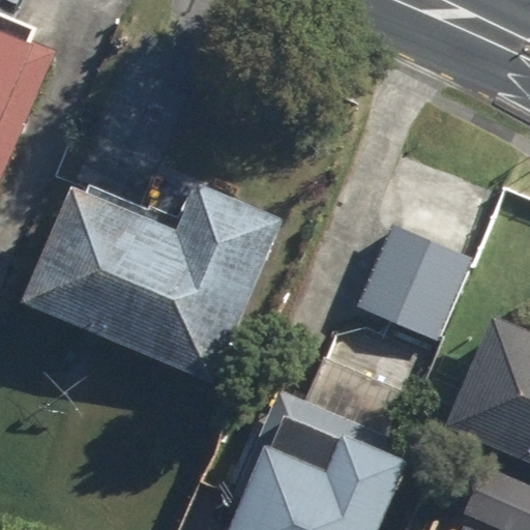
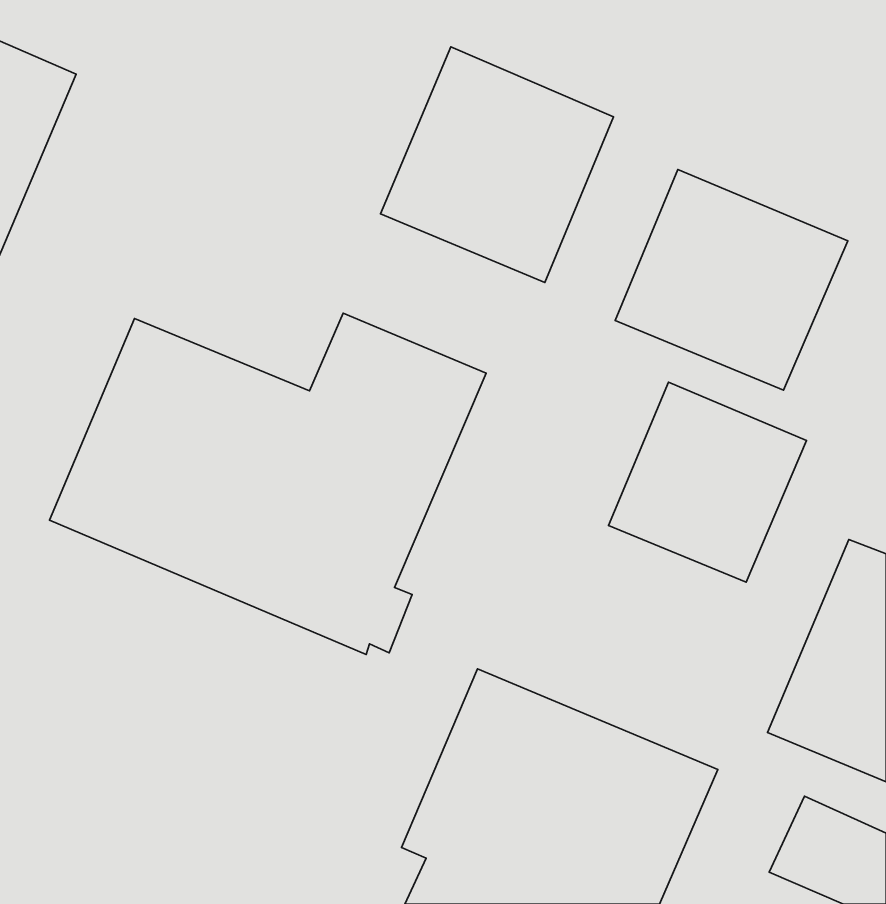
building: none -> [381,47,614,282]
building: none -> [615,169,848,390]

